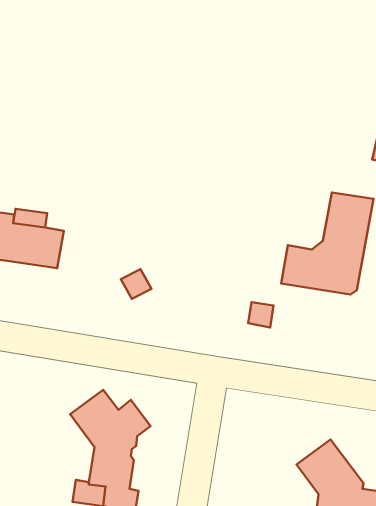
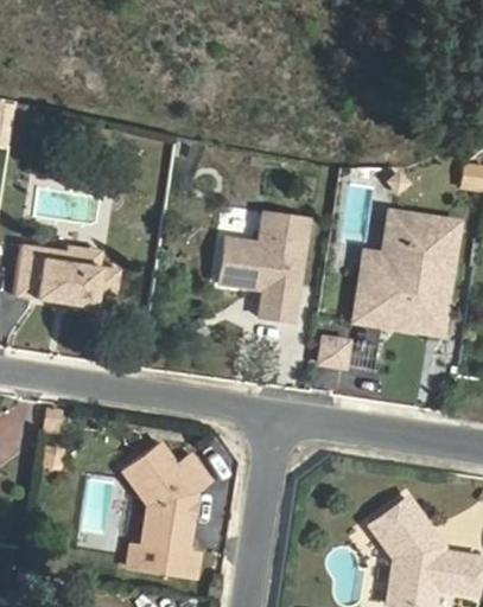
building: none -> [218,213,307,322]
building: none -> [361,223,408,288]

